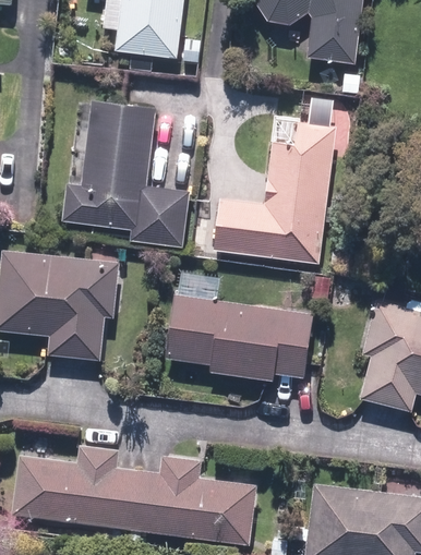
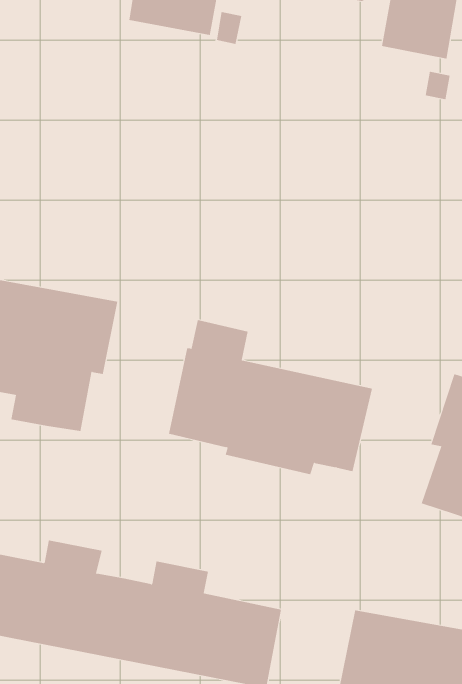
building: [212,97,337,265] -> none
building: [60,99,190,249] -> none

